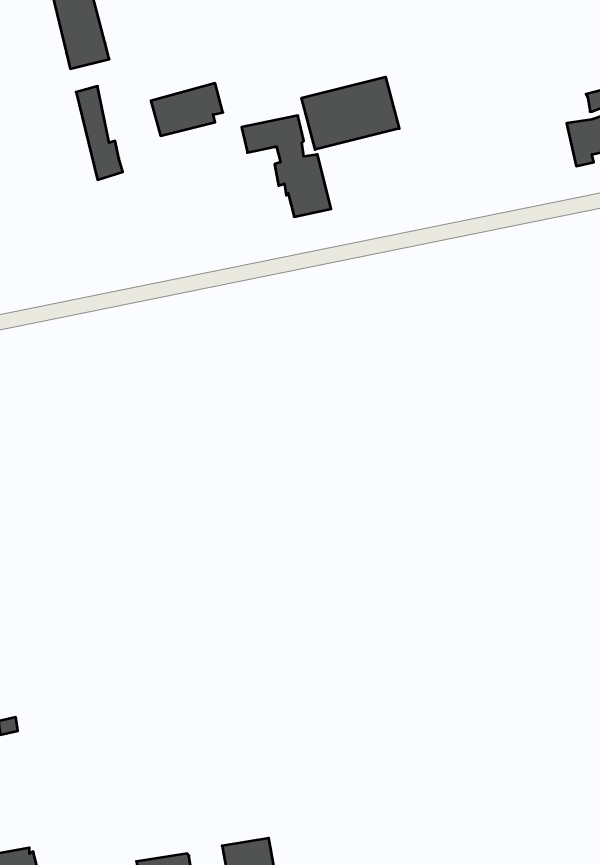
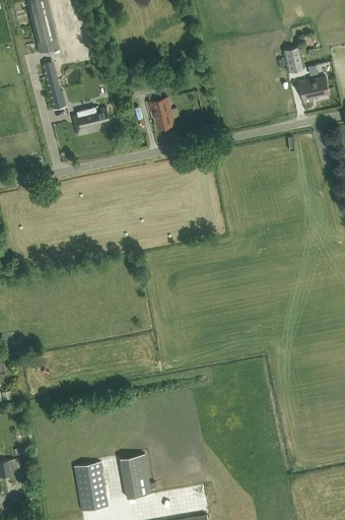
building: none -> [283,47,304,72]
building: [302,77,399,150] -> none
building: [151,83,223,136] -> [73,107,111,134]

